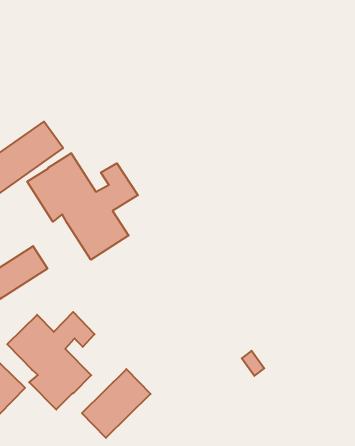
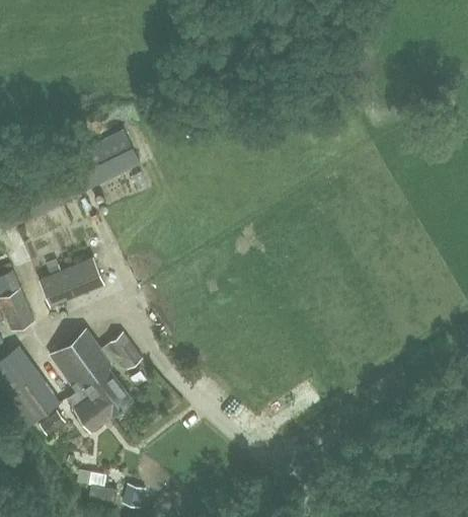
building: [27,153,138,260] -> none
building: [82,369,151,438] -> none

